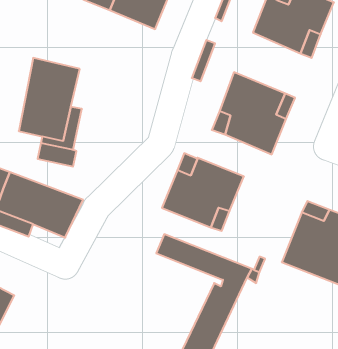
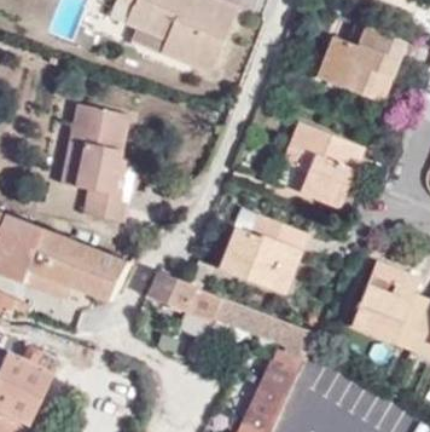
building: none -> [146,272,221,322]

